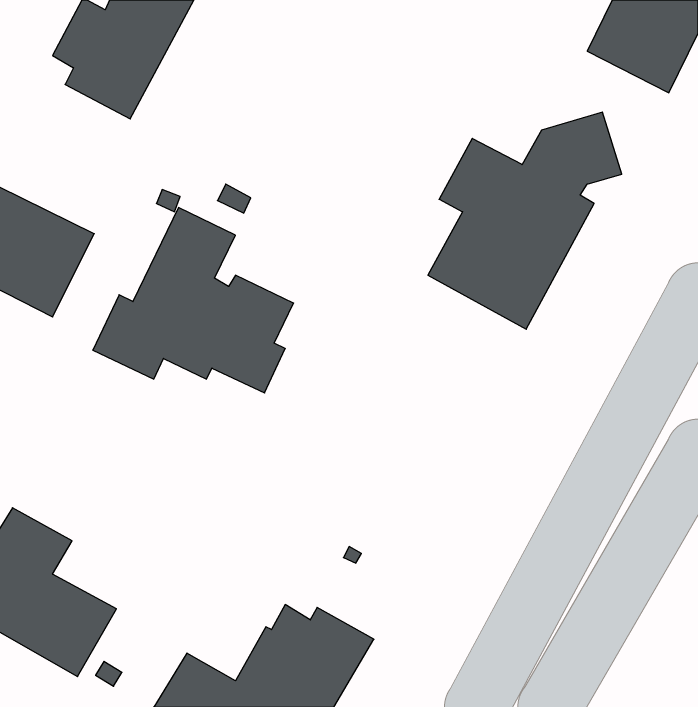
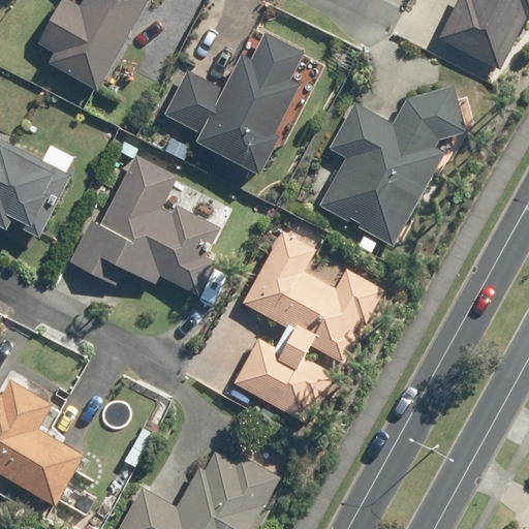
building: none -> [164,32,307,173]
building: none -> [234,230,382,424]

